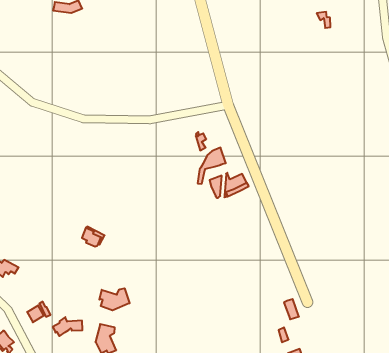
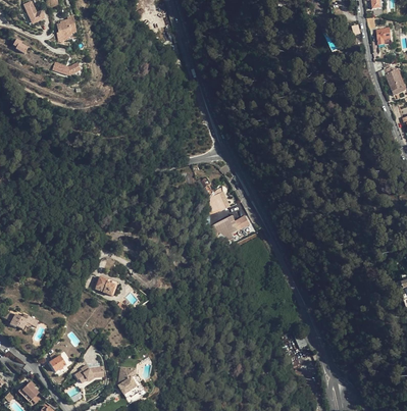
building: [99,288,130,310] -> none

